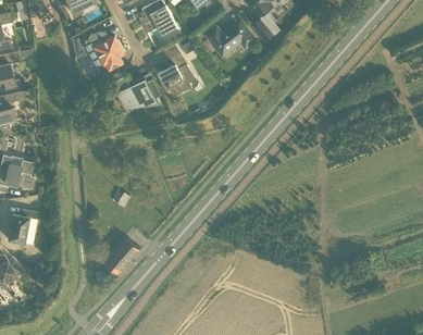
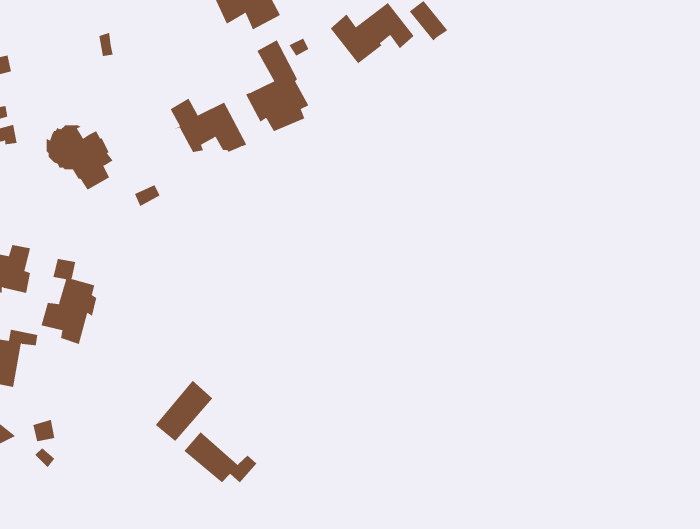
building: [85,30,124,69] -> [46,125,114,191]
building: none -> [41,258,97,345]
building: none -> [183,431,257,483]

